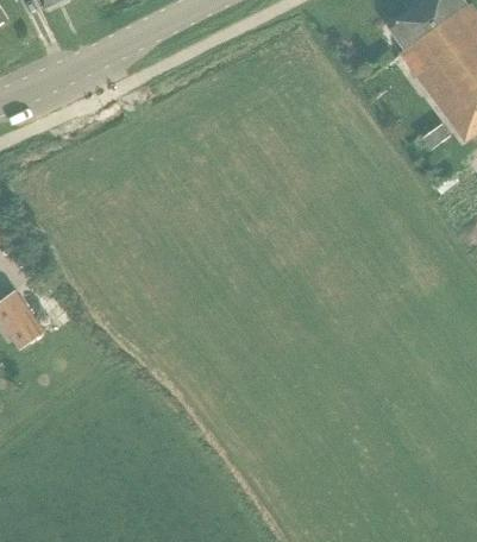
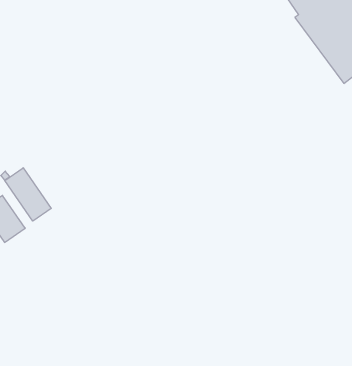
building: none -> [5,168,51,221]

